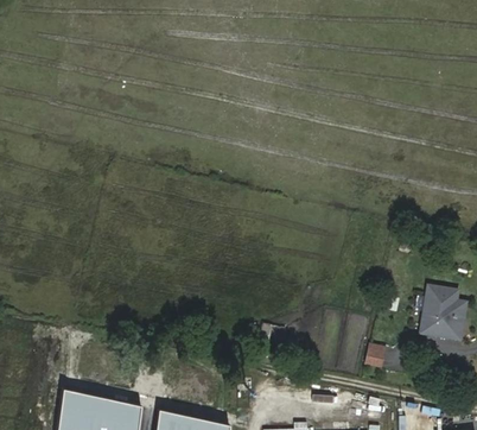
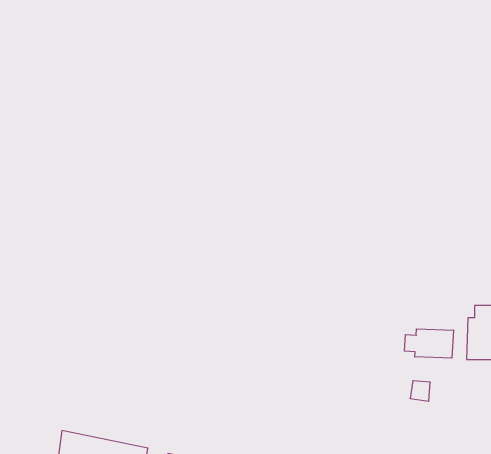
building: none -> [404,329,454,358]

